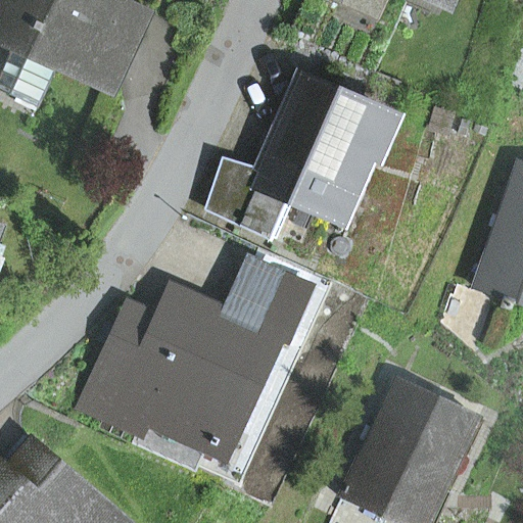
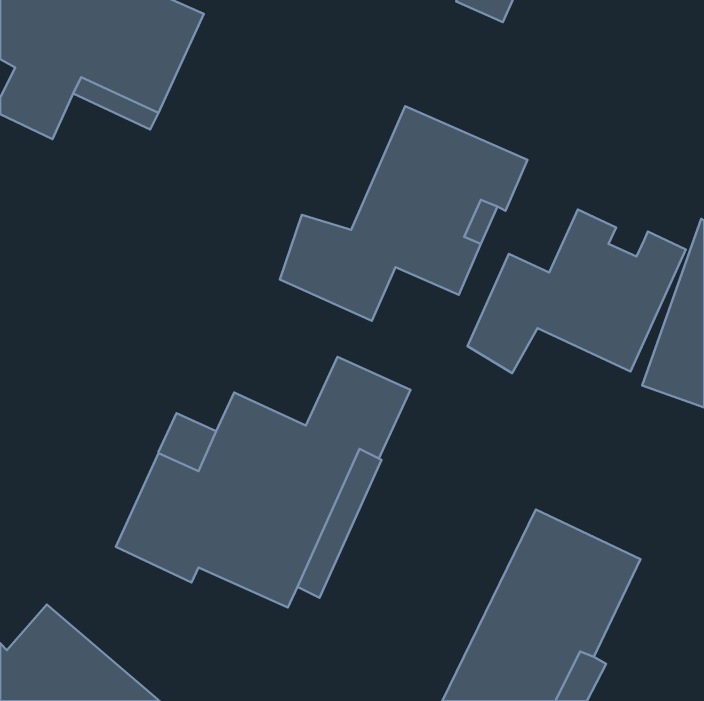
building: none -> [467,210,686,373]

